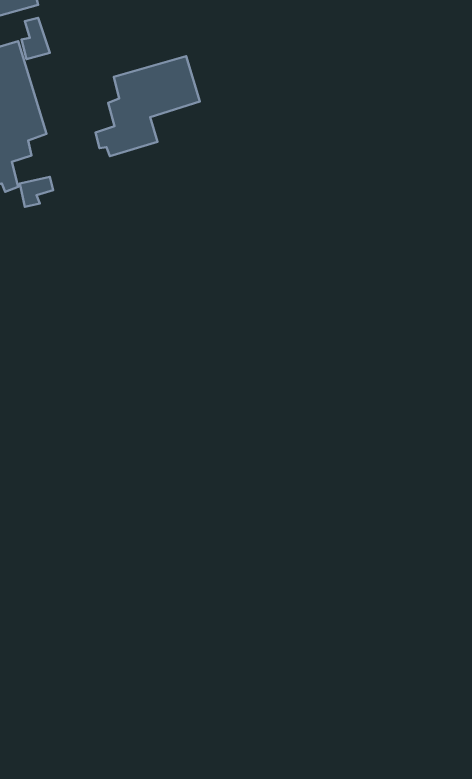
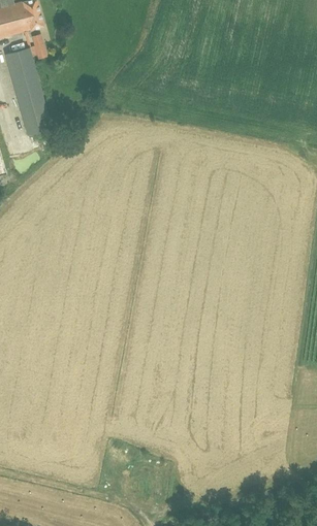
building: [96,56,200,156] -> none

